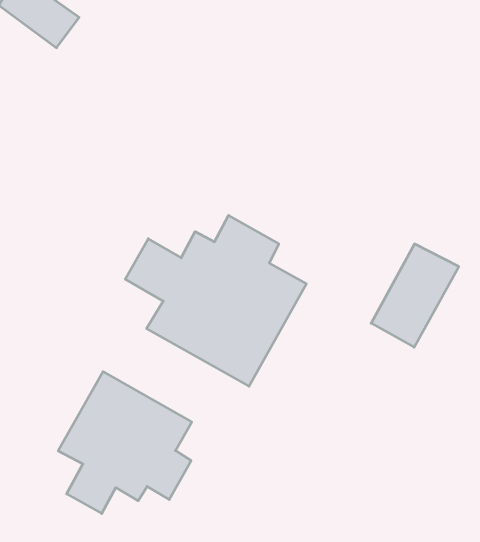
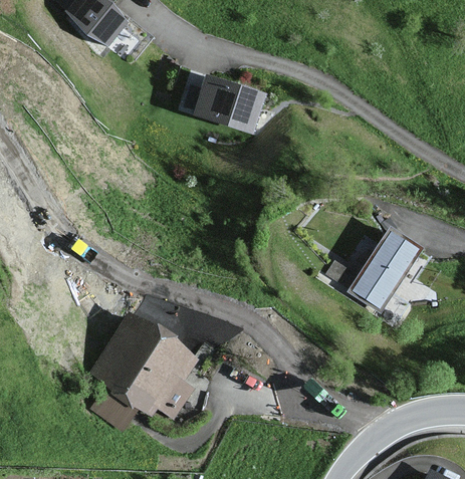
building: none -> [195,74,271,135]
building: [125,215,306,386] -> none

